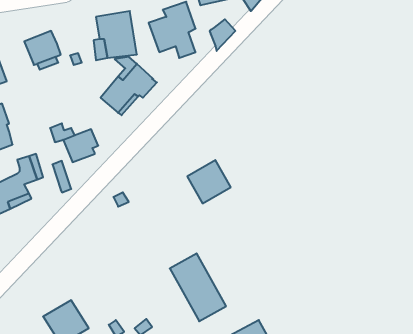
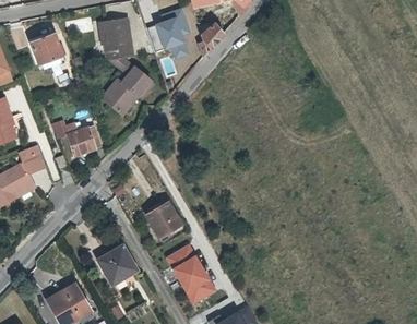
building: [187,160,231,203] -> [145,196,186,237]
building: none -> [96,240,141,285]

